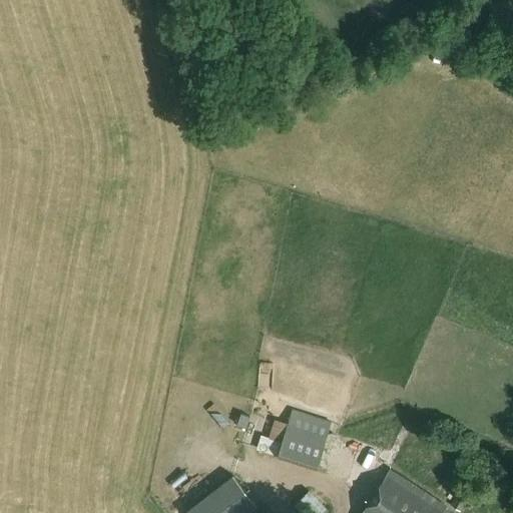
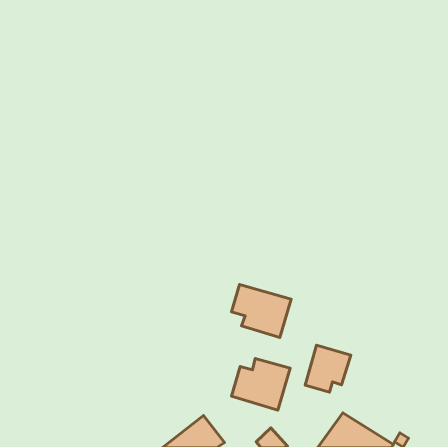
building: none -> [232,285,291,337]
building: none -> [305,345,351,392]

